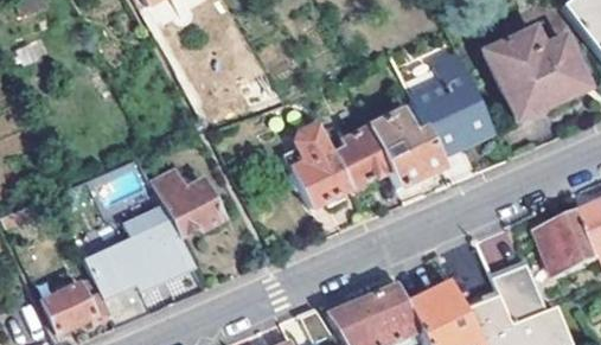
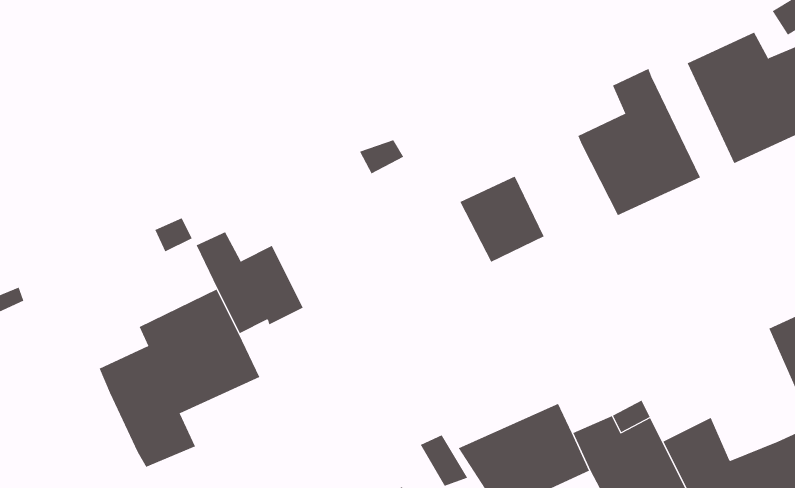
building: [367,107,442,187] -> none
building: [284,135,351,207] -> none
building: [493,262,546,322] -> none
building: [41,276,109,332] -> none

